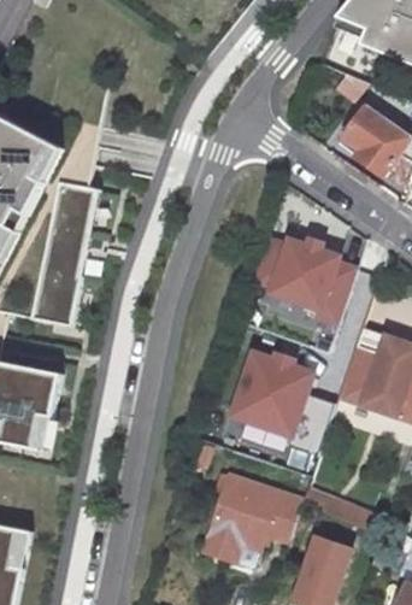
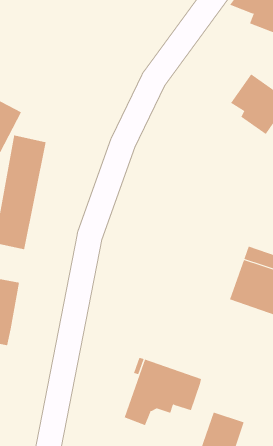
building: [248,237,349,322] -> none
building: [225,350,330,454] -> none

